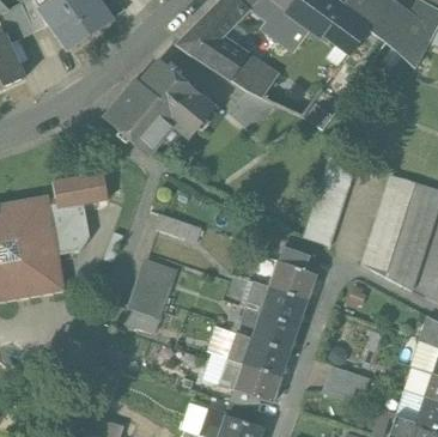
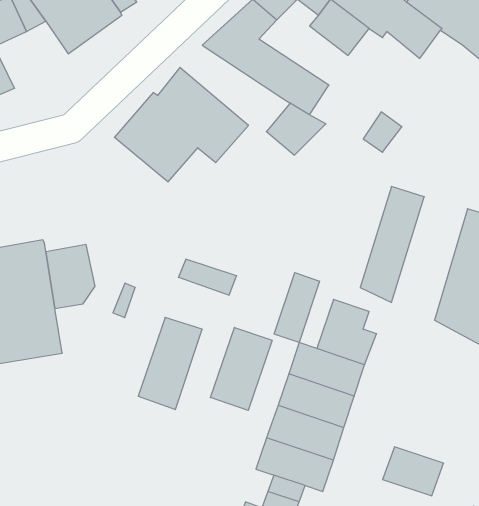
building: [49,171,108,208] -> none
building: none -> [274,273,320,343]
building: none -> [210,327,272,410]

